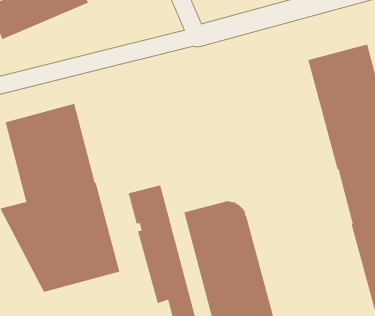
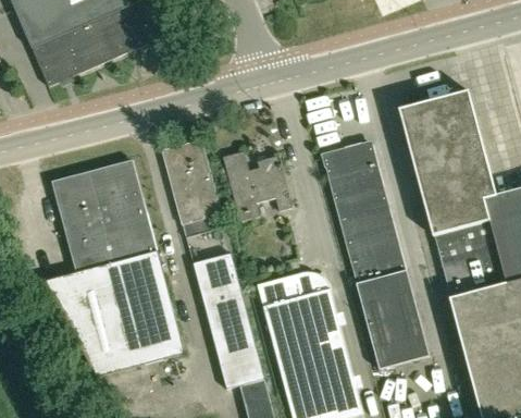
building: none -> [162,139,223,231]
building: none -> [322,143,429,368]
building: none -> [223,150,291,220]

